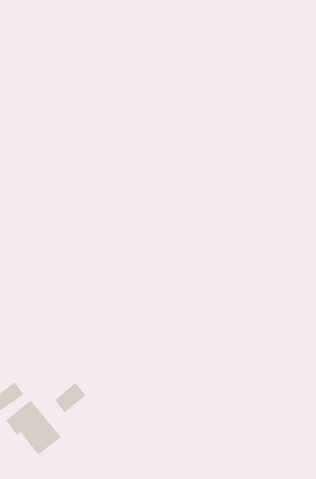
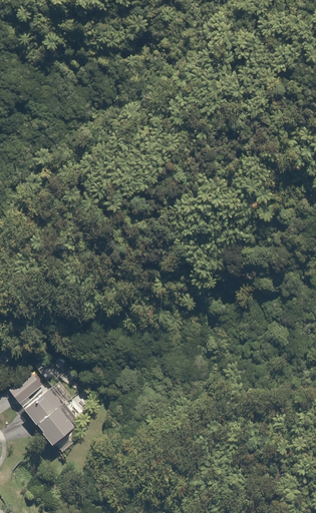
building: [54,382,87,414] -> none

